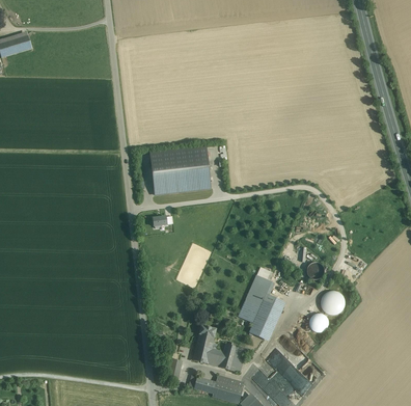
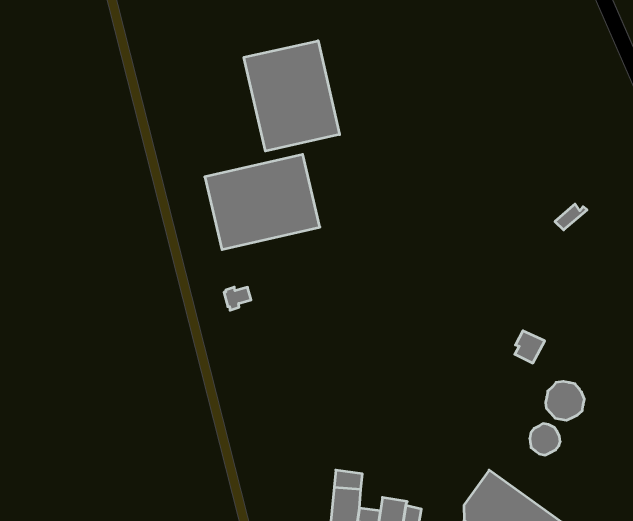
building: none -> [244,41,340,151]
building: [238,275,284,341] -> none

